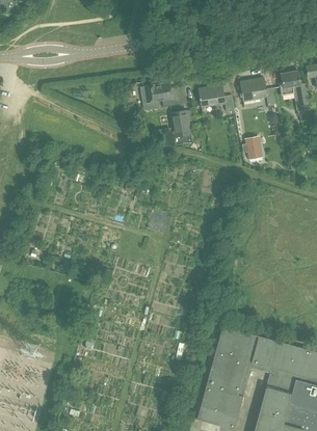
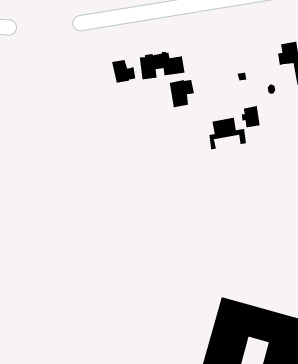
building: [240,75,267,98] -> none
building: [195,82,234,115] -> [208,117,247,150]
building: none -> [111,59,136,84]

